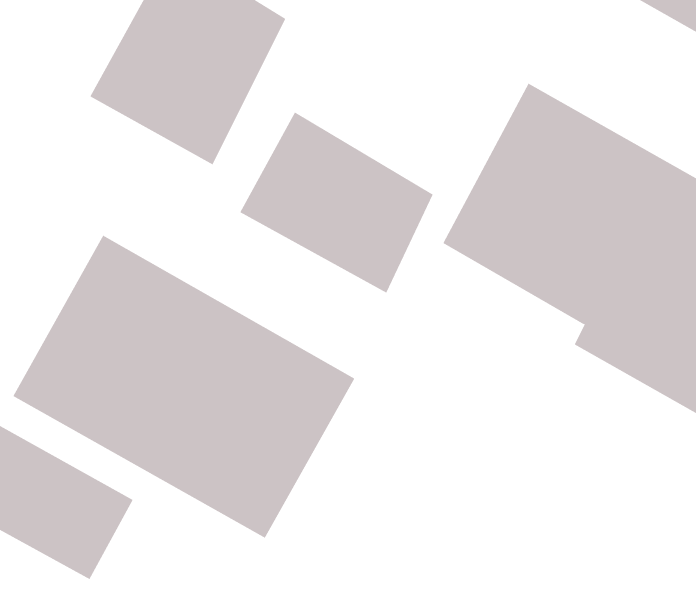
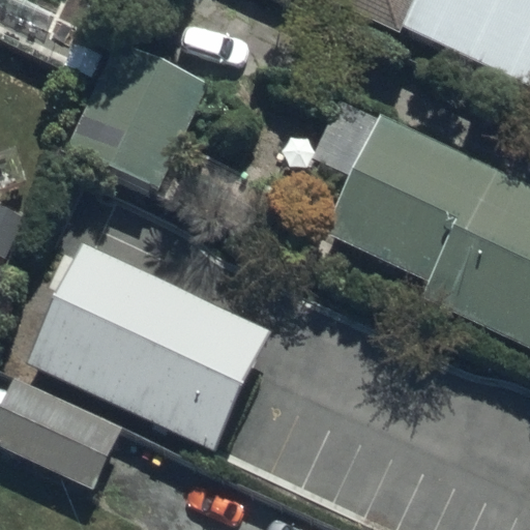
building: [240,111,434,293] -> none

